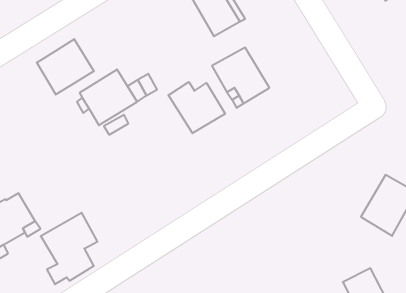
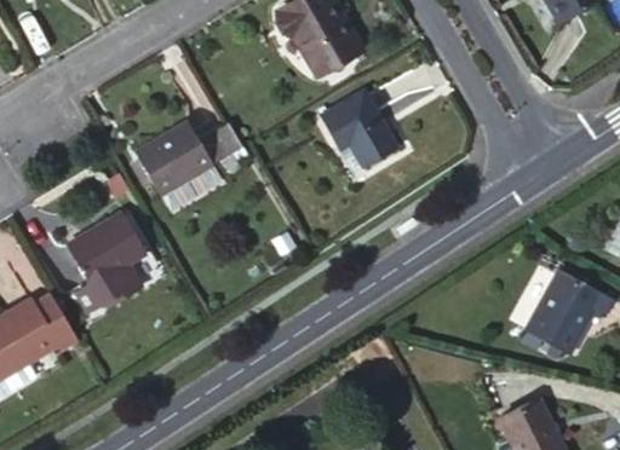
building: [37,39,94,95] -> none
building: [168,82,225,133] -> none
building: [41,213,97,284] -> [65,214,144,313]

